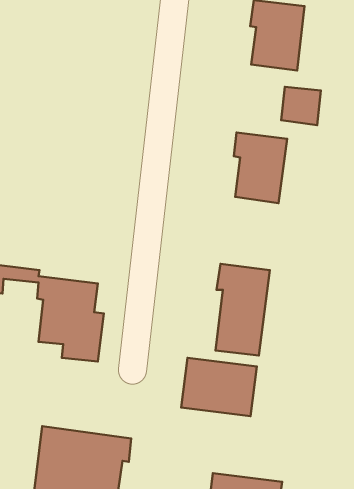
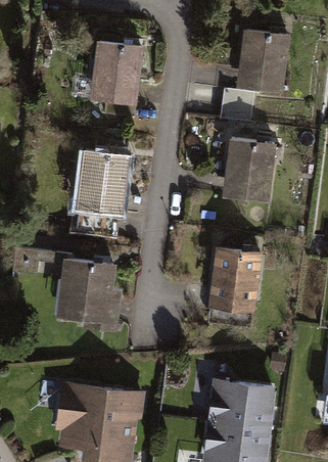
building: none -> [94,42,139,117]
building: [281,87,321,125] -> [219,90,251,122]
building: none -> [74,151,126,238]
building: [181,358,257,416] -> [208,380,271,428]

